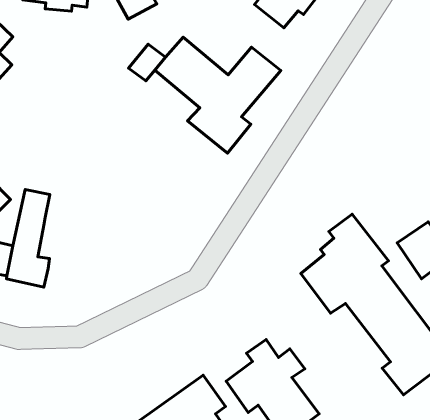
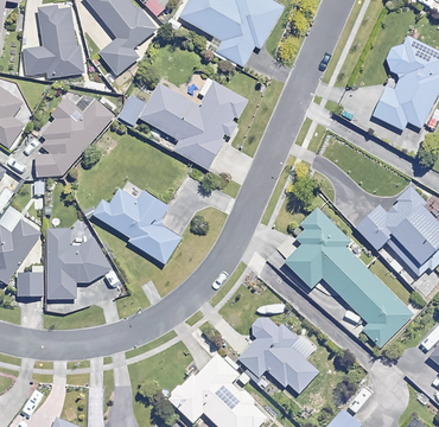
building: none -> [36,97,110,180]
building: none -> [97,187,179,262]
building: none -> [70,236,110,285]

